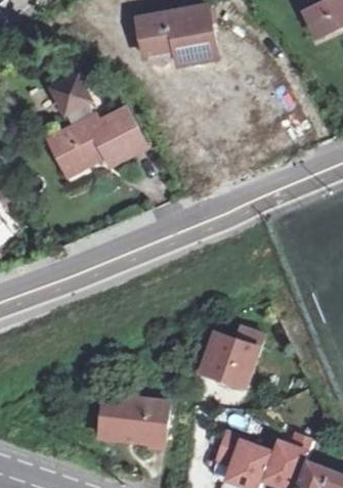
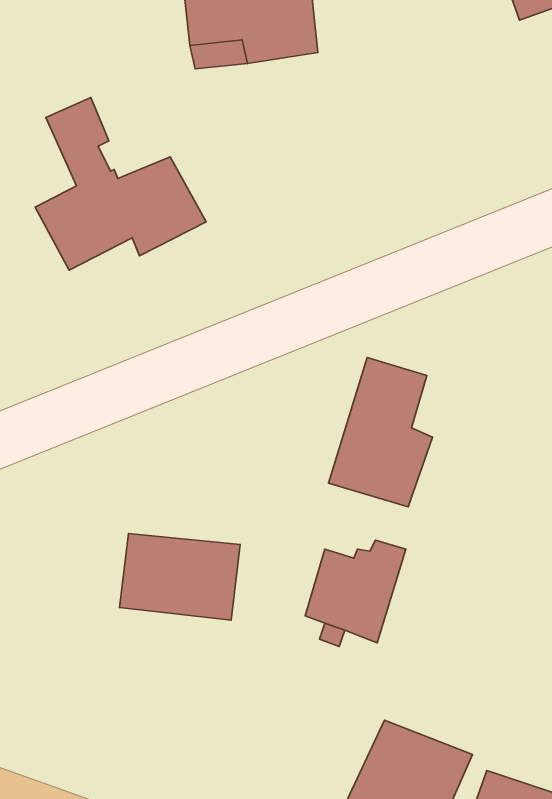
building: none -> [328,357,432,507]
building: [98,391,167,440] -> [120,534,240,620]

